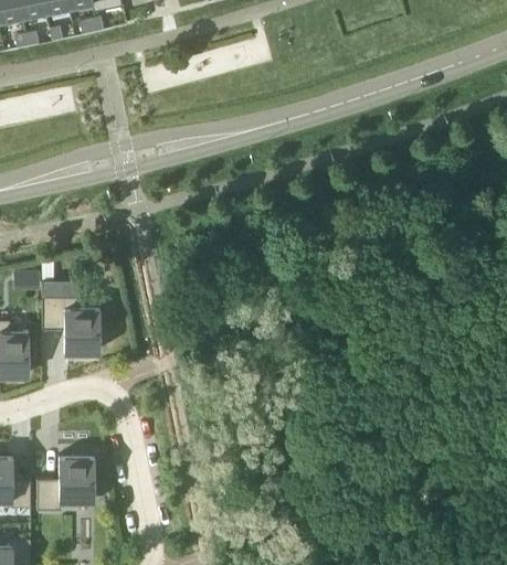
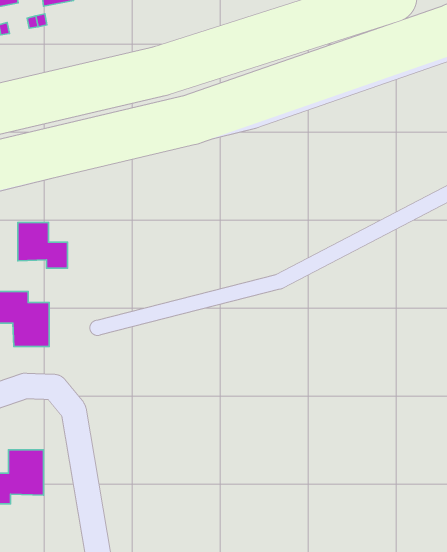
building: none -> [18,223,68,268]

